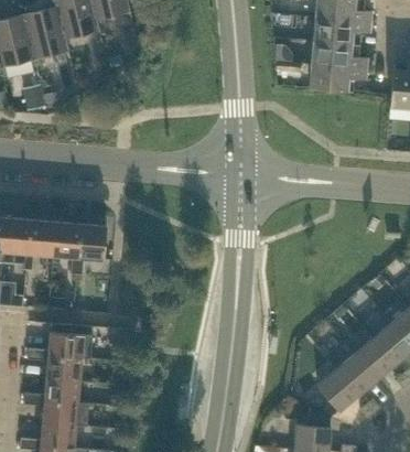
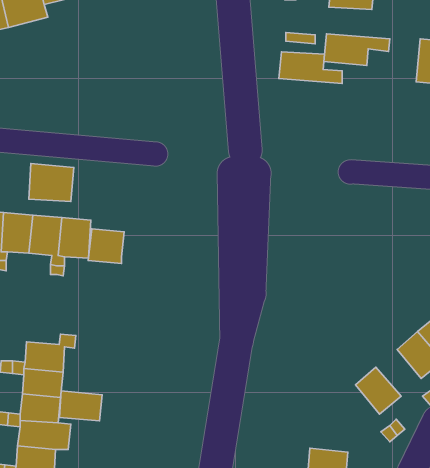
building: [311,42,366,69] -> [279,52,342,83]
building: none -> [29,164,74,202]
building: none -> [88,229,124,263]
building: [354,340,393,380] -> none
building: [316,370,357,412] -> none
building: none -> [59,391,102,421]

